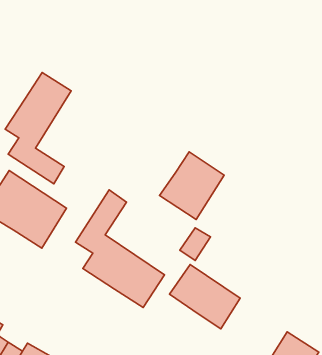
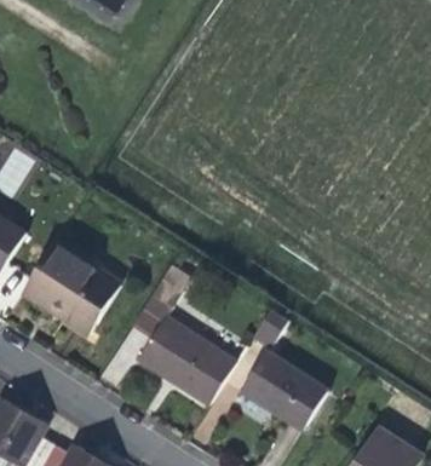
building: [5,72,71,184] -> none
building: [159,152,224,219] -> none

